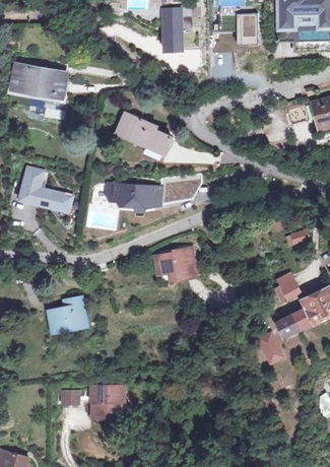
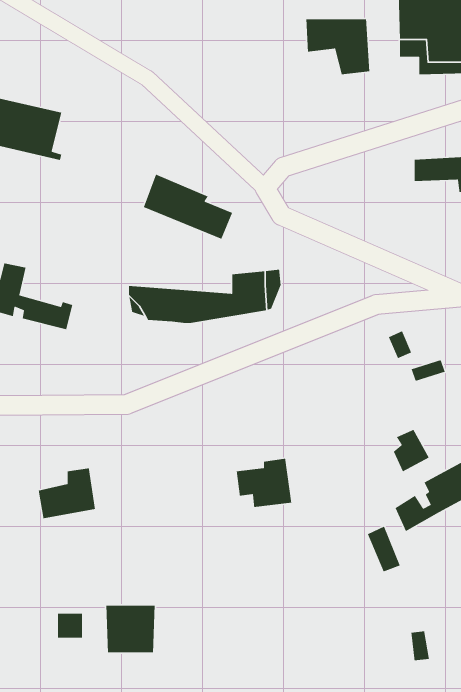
building: [160,9,181,53] -> none
building: [160,248,196,279] -> [236,458,292,508]

